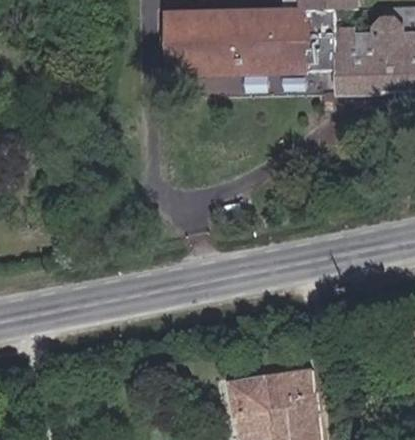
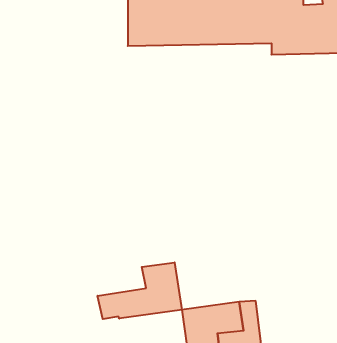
building: none -> [98,262,182,319]

